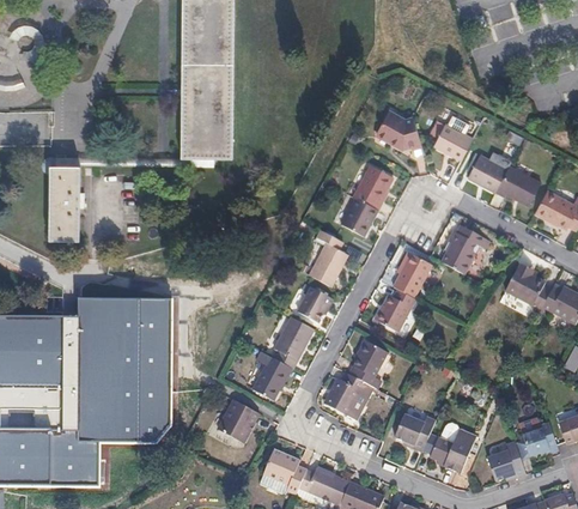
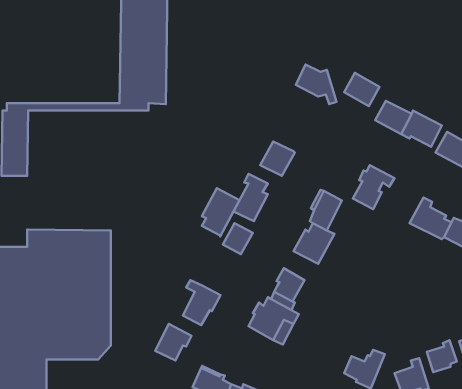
building: [351,166,391,210] -> none
building: [273,317,315,371] -> [202,188,239,237]
building: [396,414,436,452] -> none

